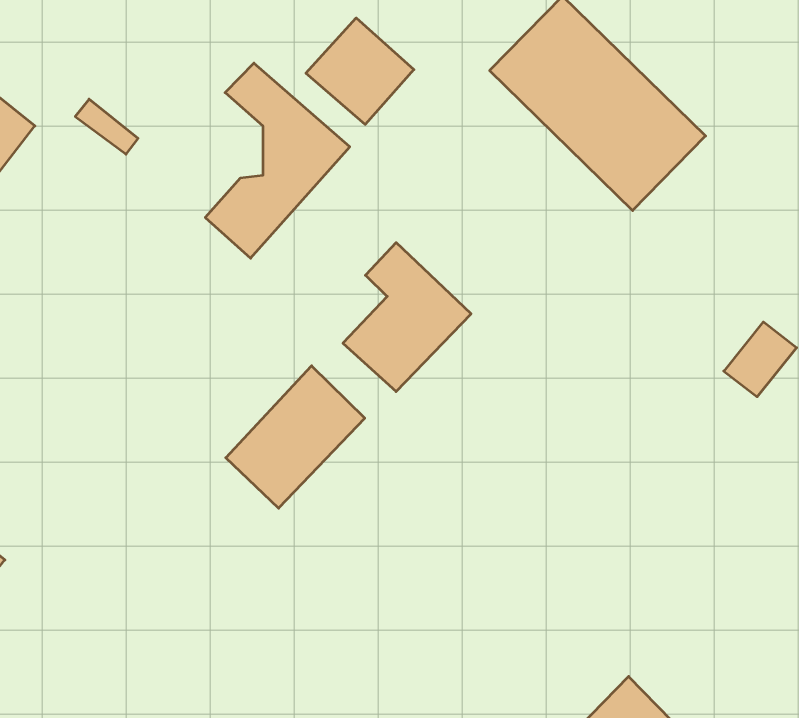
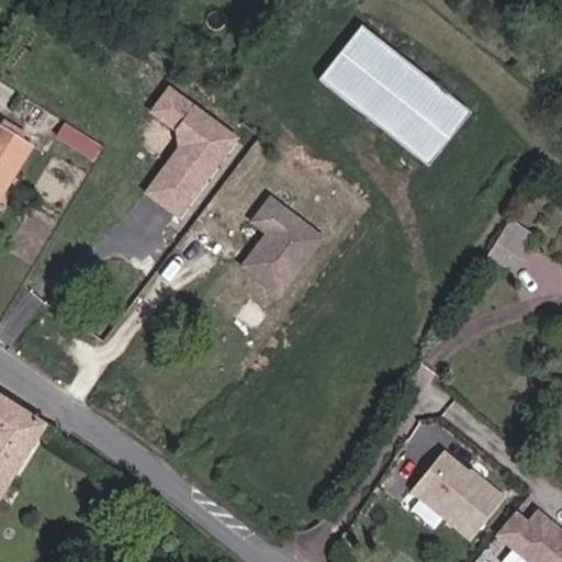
building: [306,18,414,124] -> none
building: [226,366,365,508] -> none

